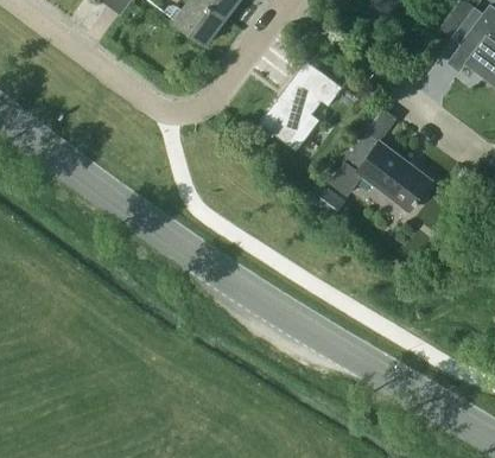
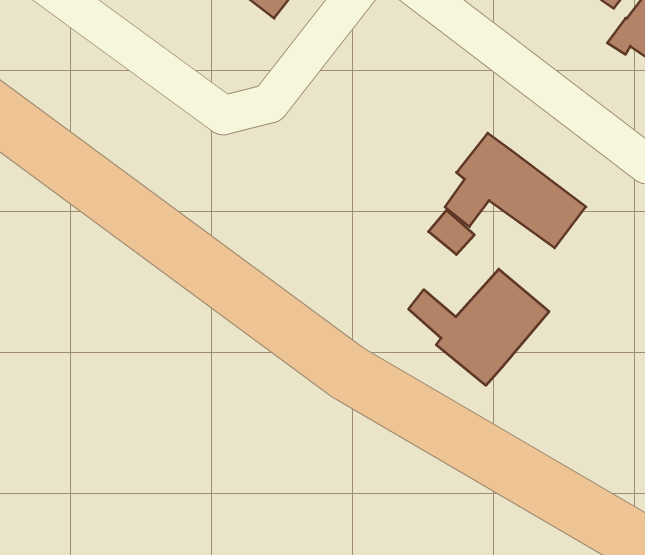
building: [261,62,342,152] -> none
building: none -> [409,269,549,385]

